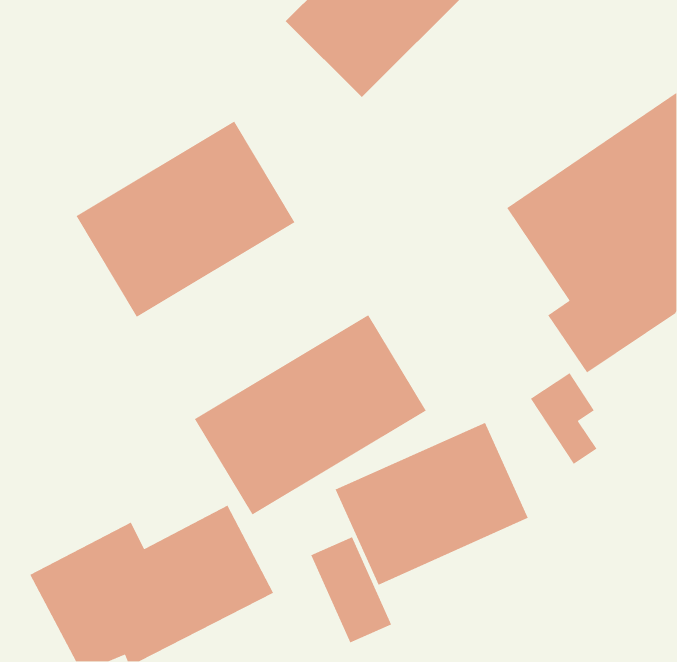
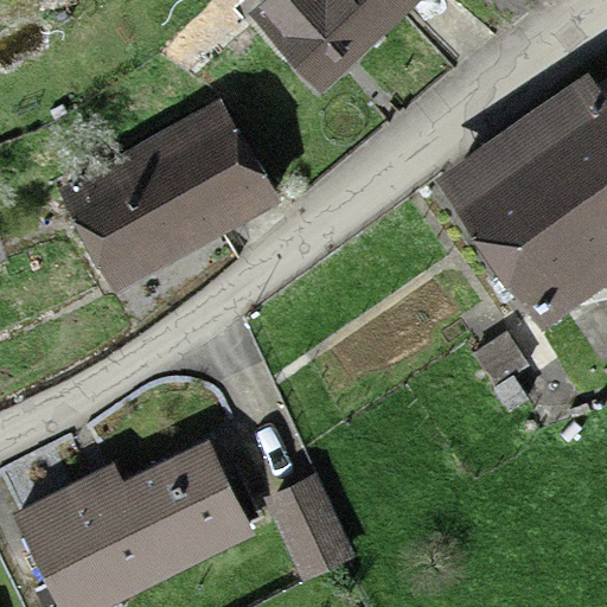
building: [194,314,427,516] -> none
building: [335,422,529,586] -> none

